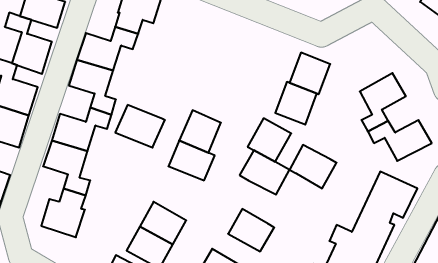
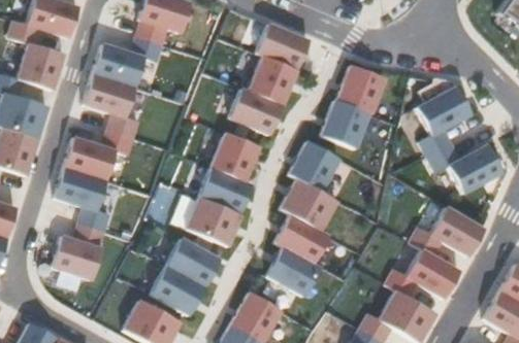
building: none -> [231,24,312,135]
building: [115,105,165,148] -> [185,198,242,247]
building: [289,145,337,188] -> [277,214,331,265]

